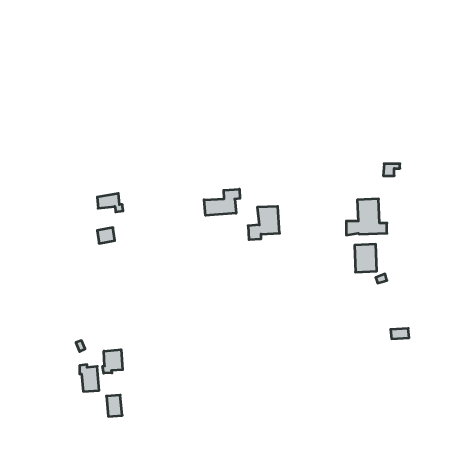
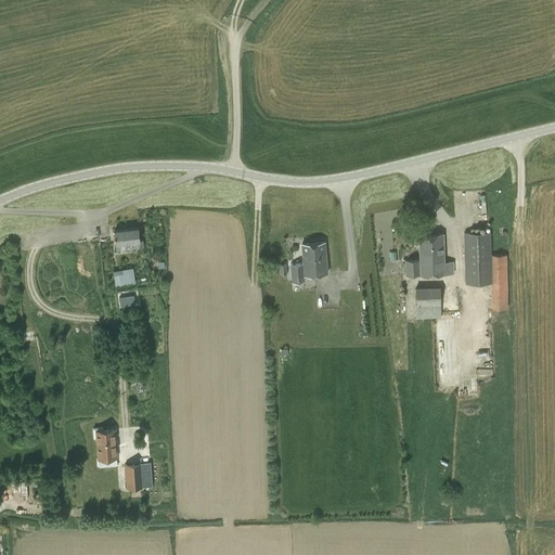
building: [204,189,240,215] -> none
building: none -> [464,233,491,286]
building: [103,350,123,373] -> none

